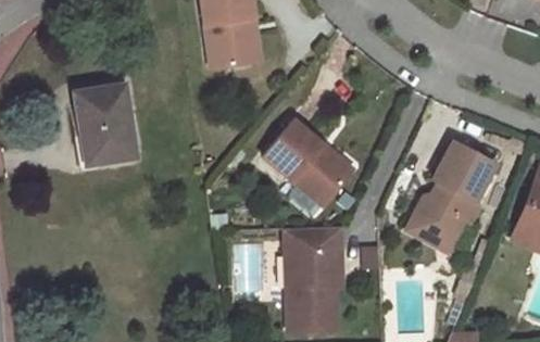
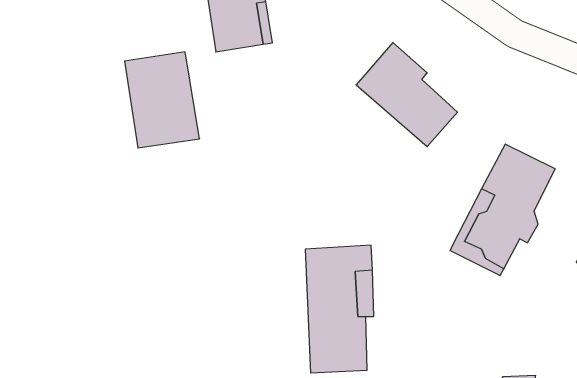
building: [75,86,137,165] -> [125,52,200,148]
building: [263,119,347,205] -> [356,43,457,147]

